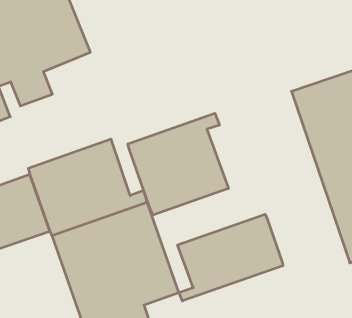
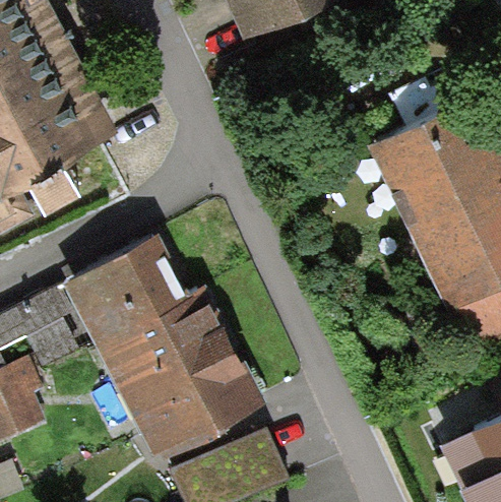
building: [128,113,228,215] -> none
building: [178,214,283,301] -> none

